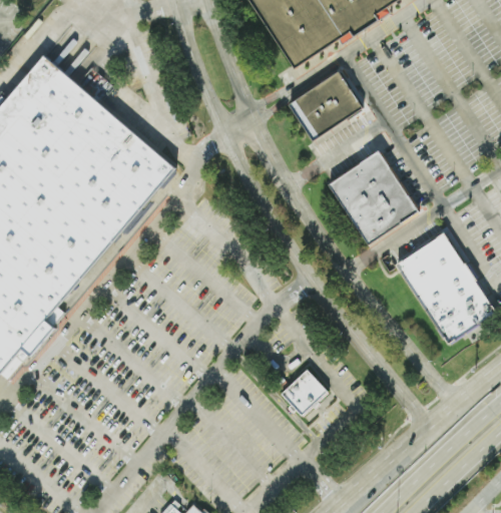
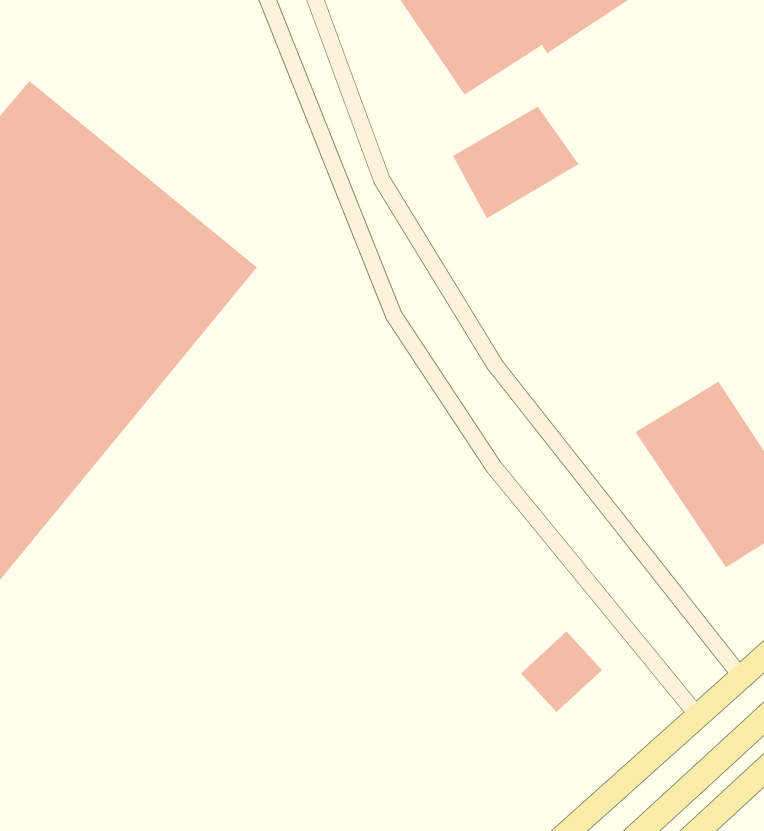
building: [329,150,417,243] -> none
building: [281,367,329,415] -> [520,630,603,713]

